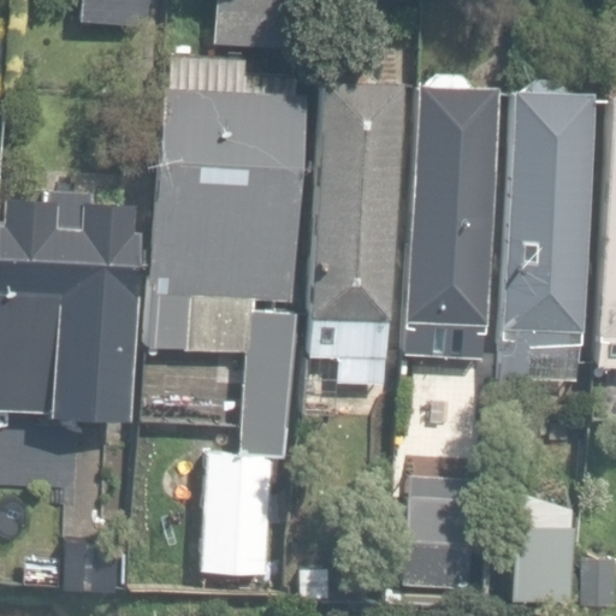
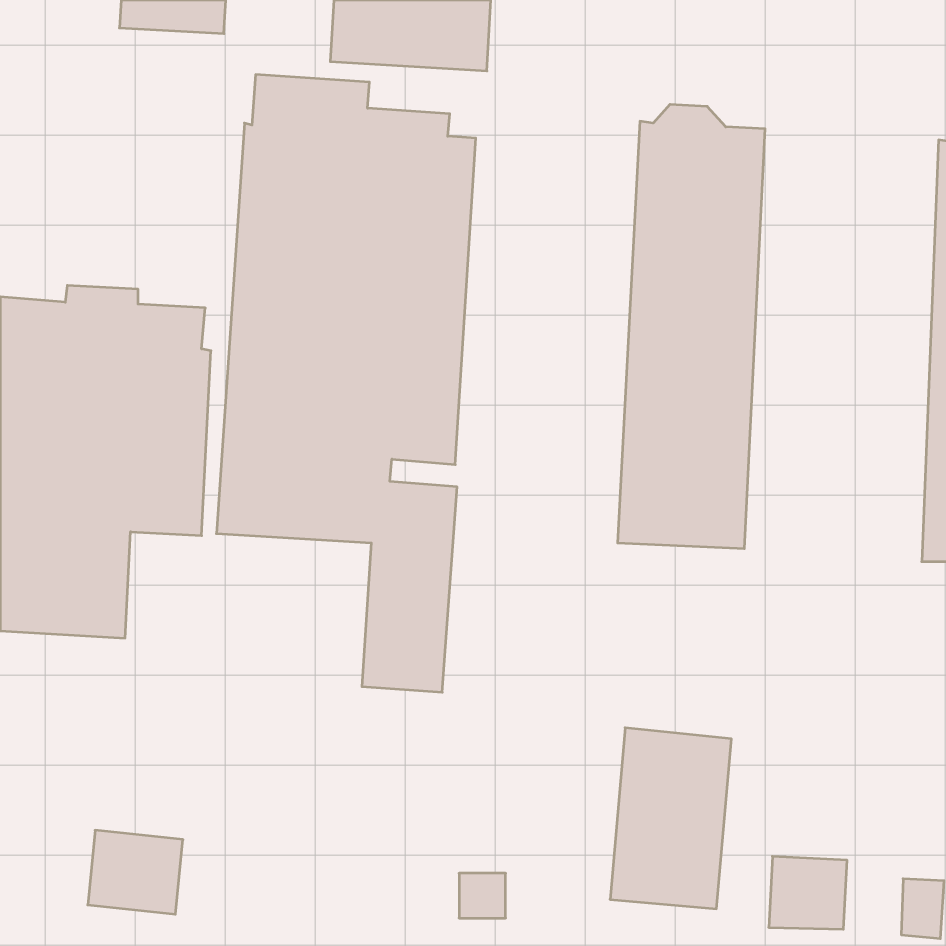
building: [304,71,405,390] -> none
building: [497,84,597,393] -> none
building: [202,452,276,575] -> none

